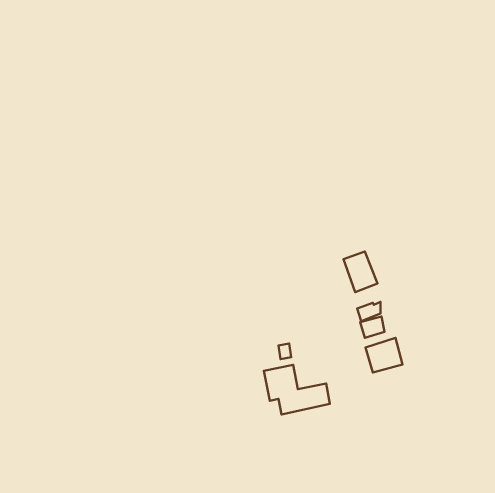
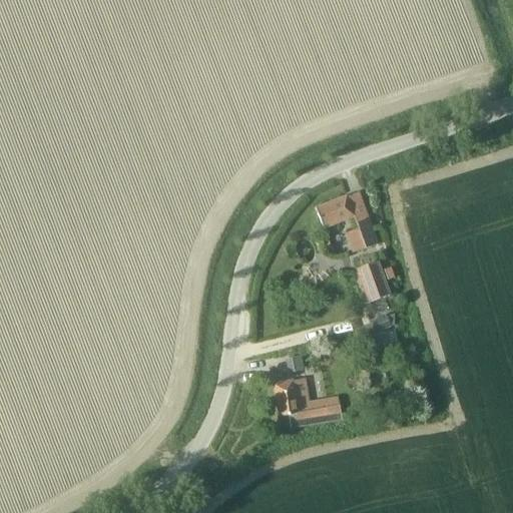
building: none -> [316,191,377,251]
building: [366,338,403,373] -> none

